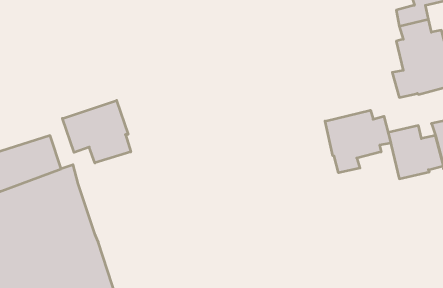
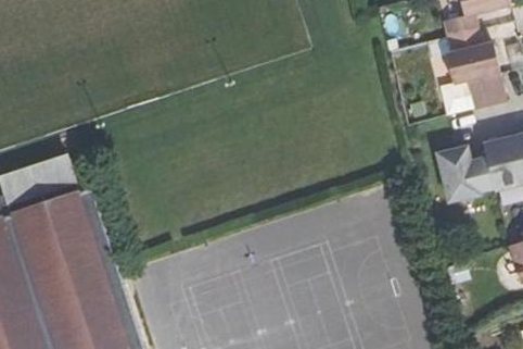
building: [62,100,131,163] -> none
building: [325,110,391,173] -> none

